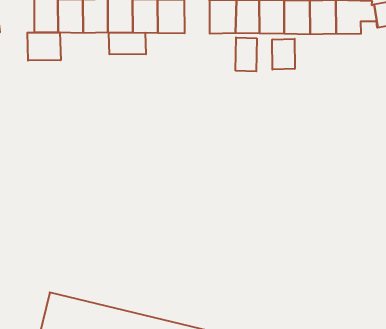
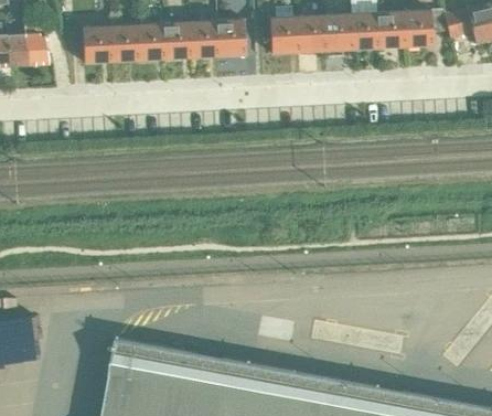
building: [27,32,61,61] -> none
building: [109,33,146,54] -> none
building: [236,37,257,71] -> none
building: [272,39,295,70] -> none

